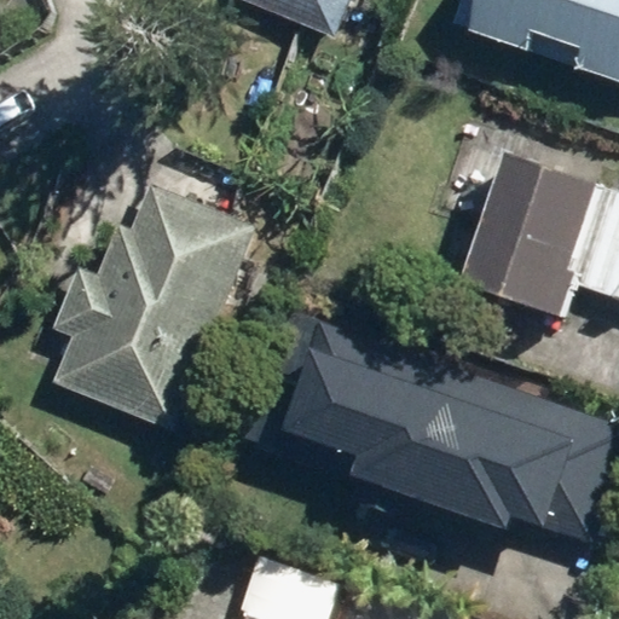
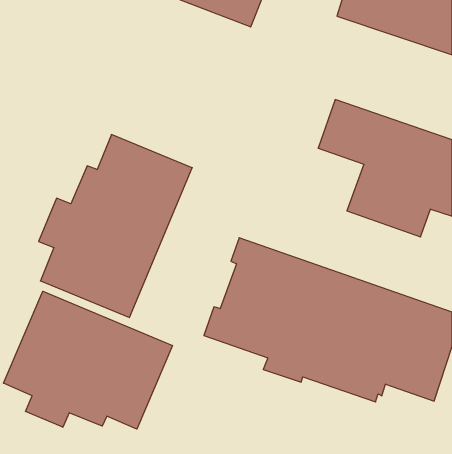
building: none -> [4,291,173,429]

